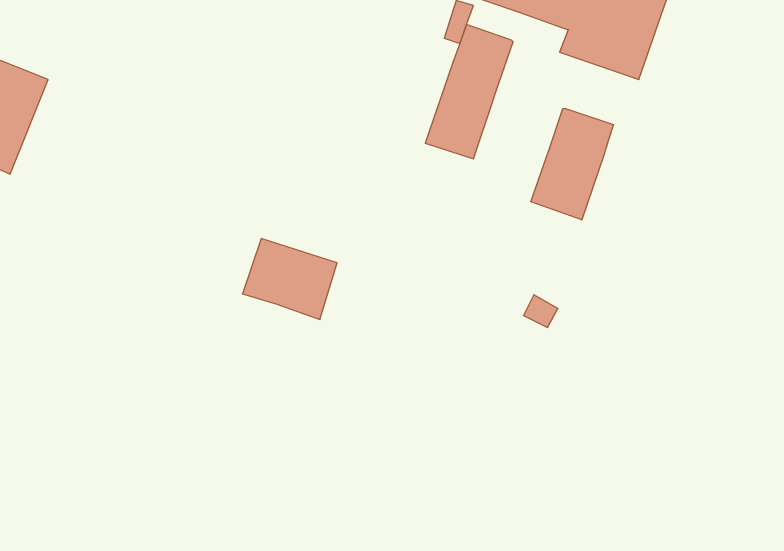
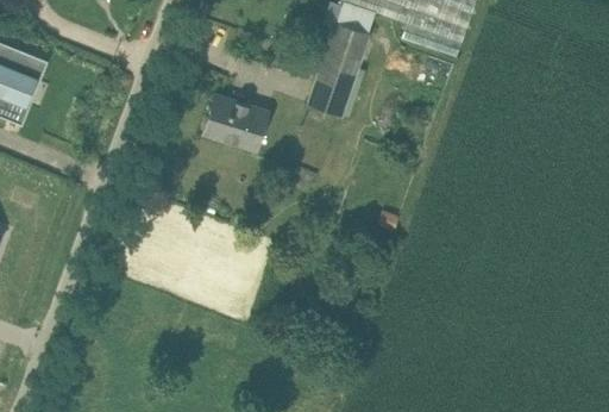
building: [531,108,613,220] -> none
building: [242,239,337,320] -> [201,93,266,149]

